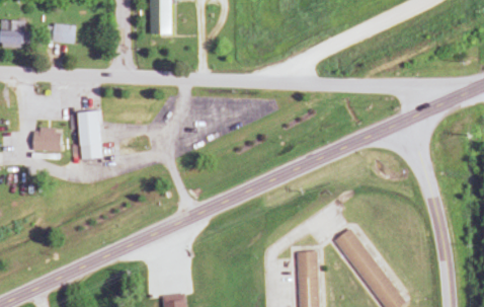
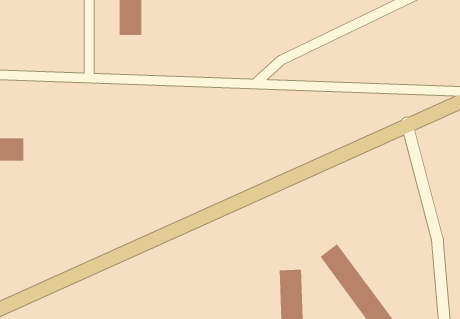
building: [48,23,76,45] -> none
building: [78,111,101,159] -> none

